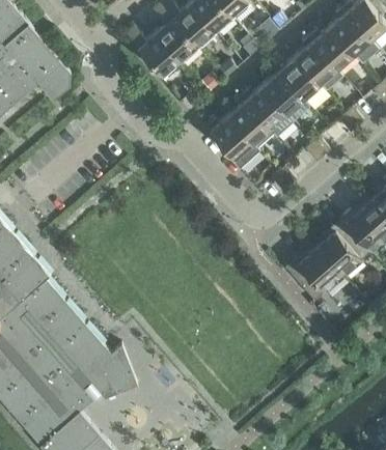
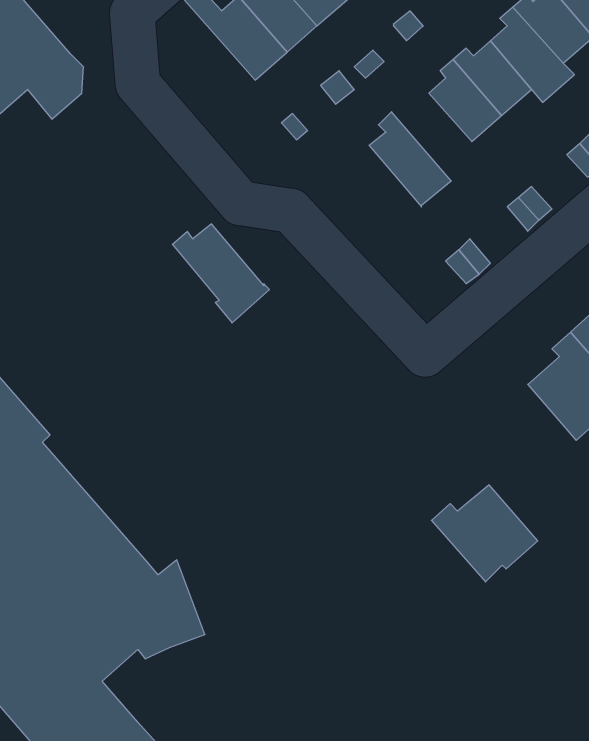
building: [241,85,294,137] -> none
building: [206,114,260,169] -> [172,224,269,323]
building: [284,247,343,301] -> [431,485,538,582]

